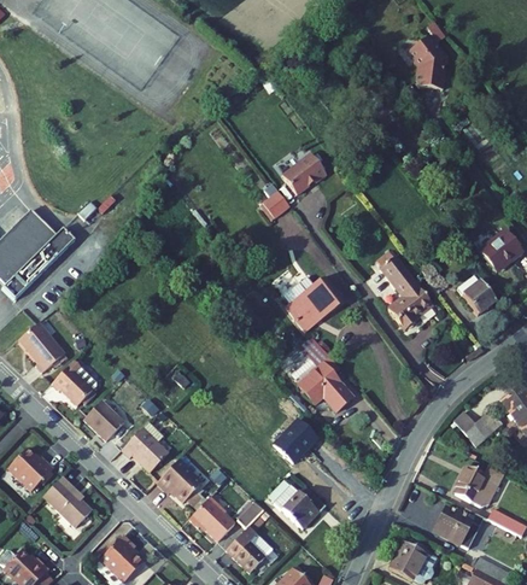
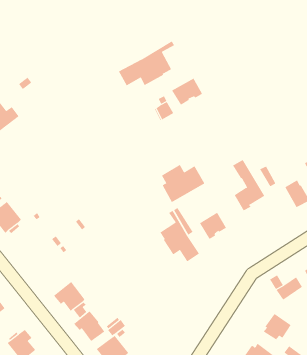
building: [406,35,446,89] -> none
building: none -> [118,40,175,86]
building: none -> [199,212,227,240]
building: [83,400,124,441] -> none
building: [274,420,316,463] -> none
building: [122,422,168,472] -> none
building: [274,485,324,527] -> none

